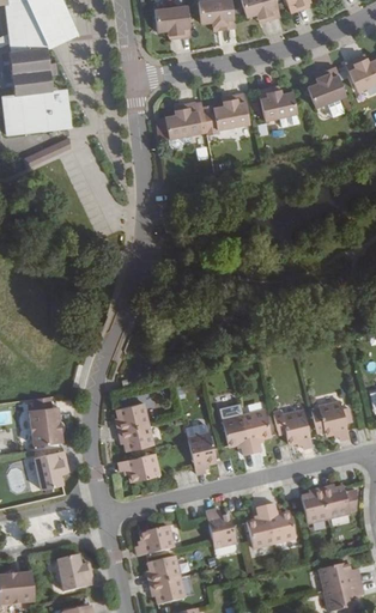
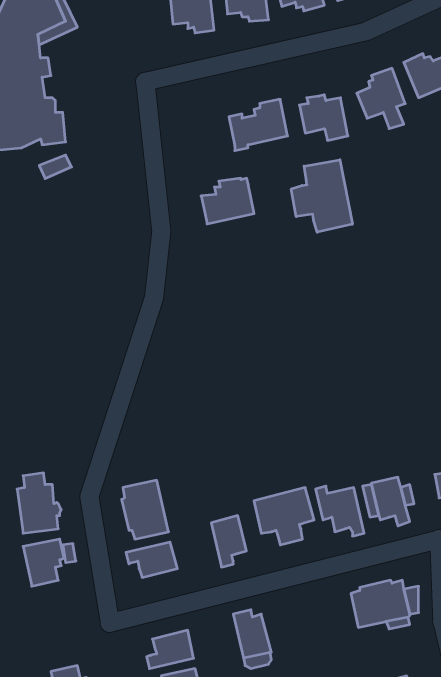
building: [163,102,206,139] -> [201,178,254,224]
building: none -> [291,160,352,232]
building: [245,502,295,547] -> none

